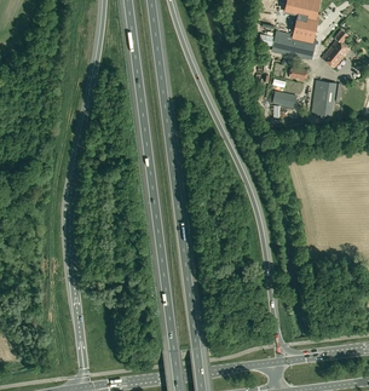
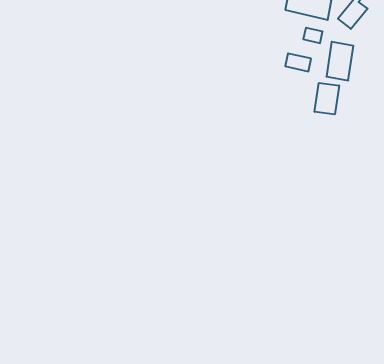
building: none -> [315,83,339,114]

